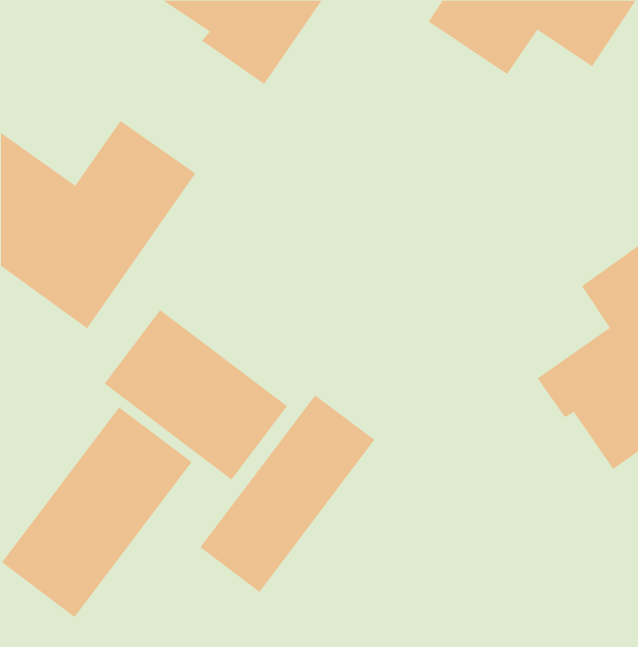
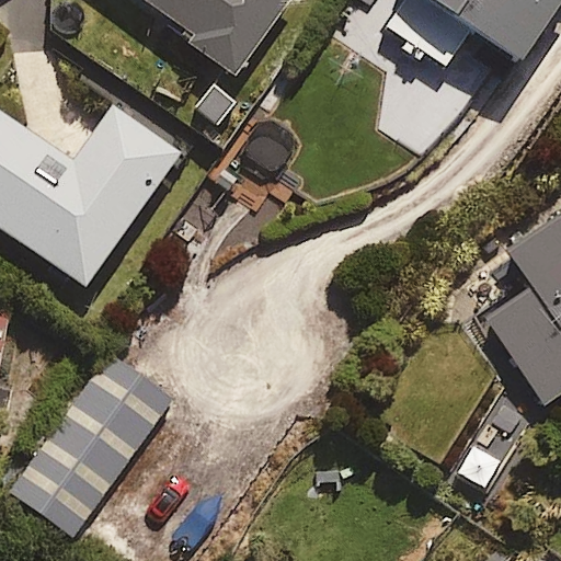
building: [104,309,288,480] -> none
building: [200,394,375,593] -> none

